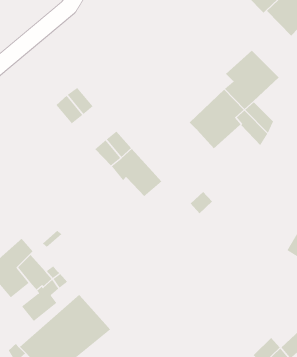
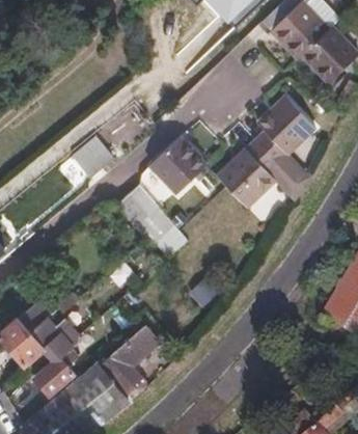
building: none -> [149,138,206,193]
building: none -> [100,325,159,396]

